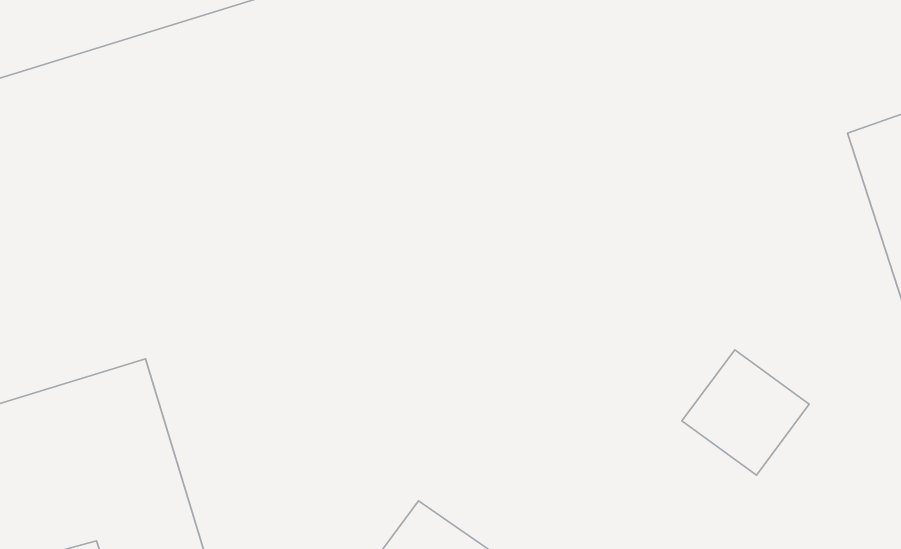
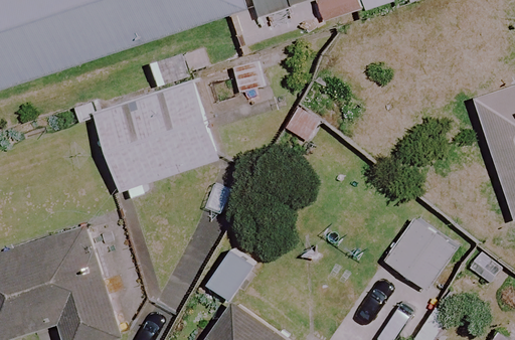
building: none -> [94,77,219,194]

